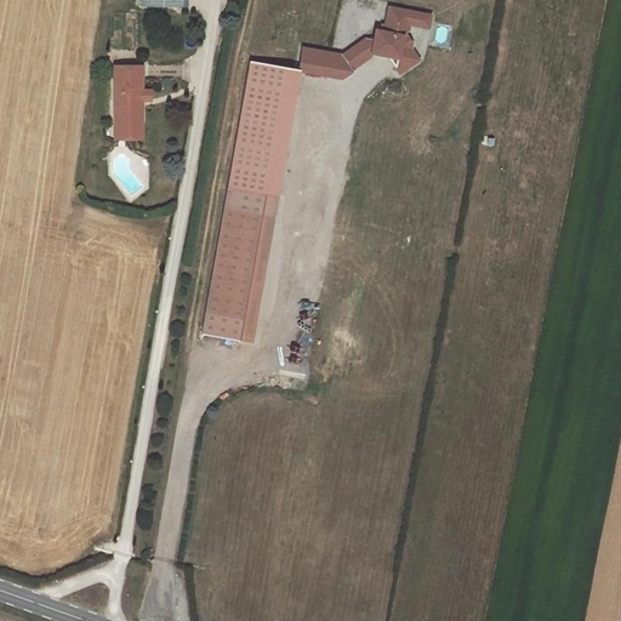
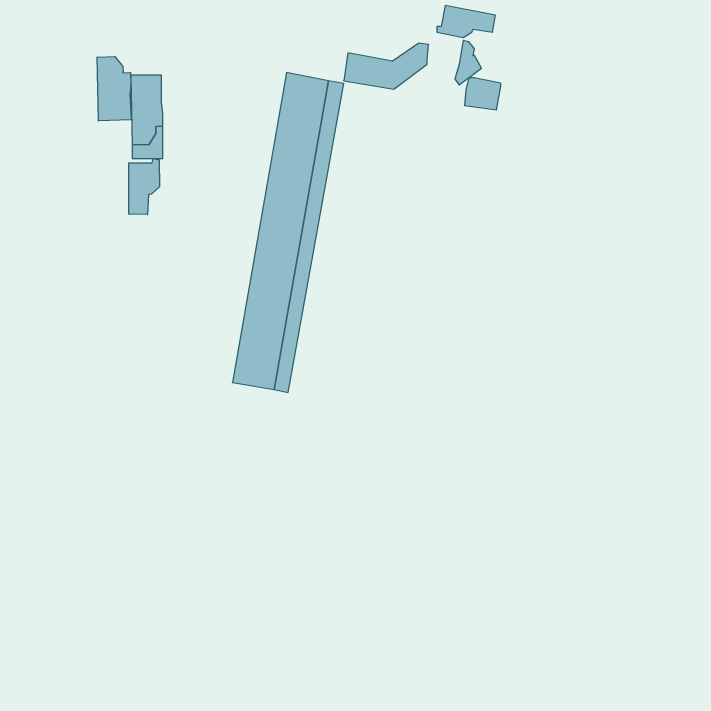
building: [372,28,404,56] -> [465,78,501,110]
building: none -> [97,56,131,121]
building: none -> [129,159,159,215]

